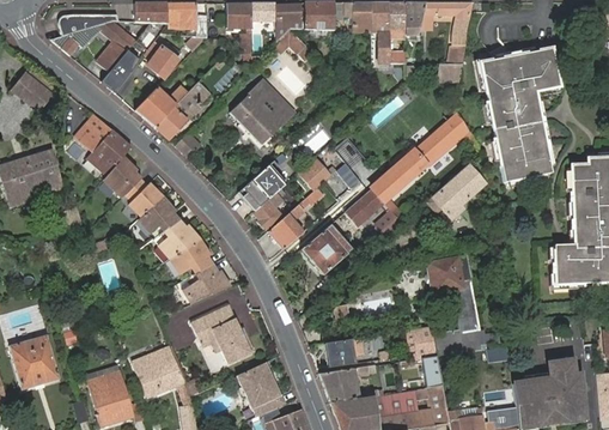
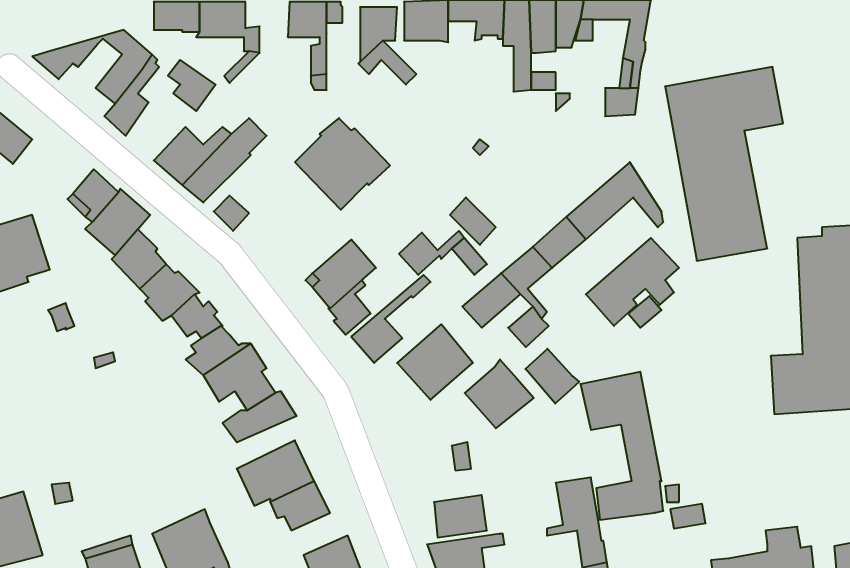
building: [60,14,121,36] -> none
building: none -> [525,349,579,404]
building: none -> [465,359,534,428]

